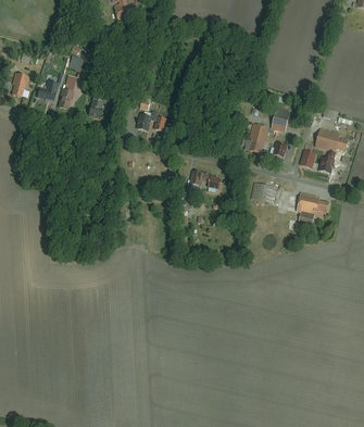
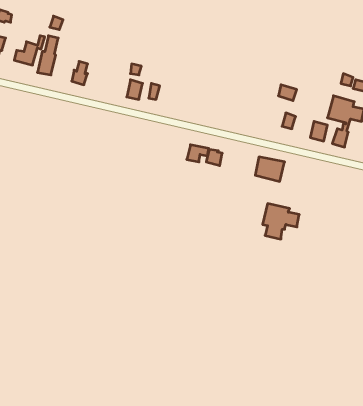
building: [246,122,269,152] -> none
building: [297,191,329,223] -> [263,204,299,239]

